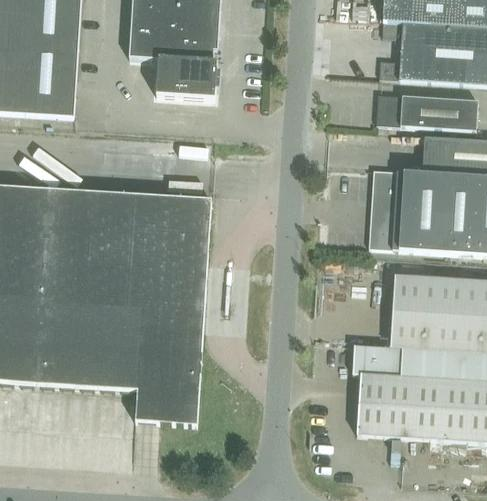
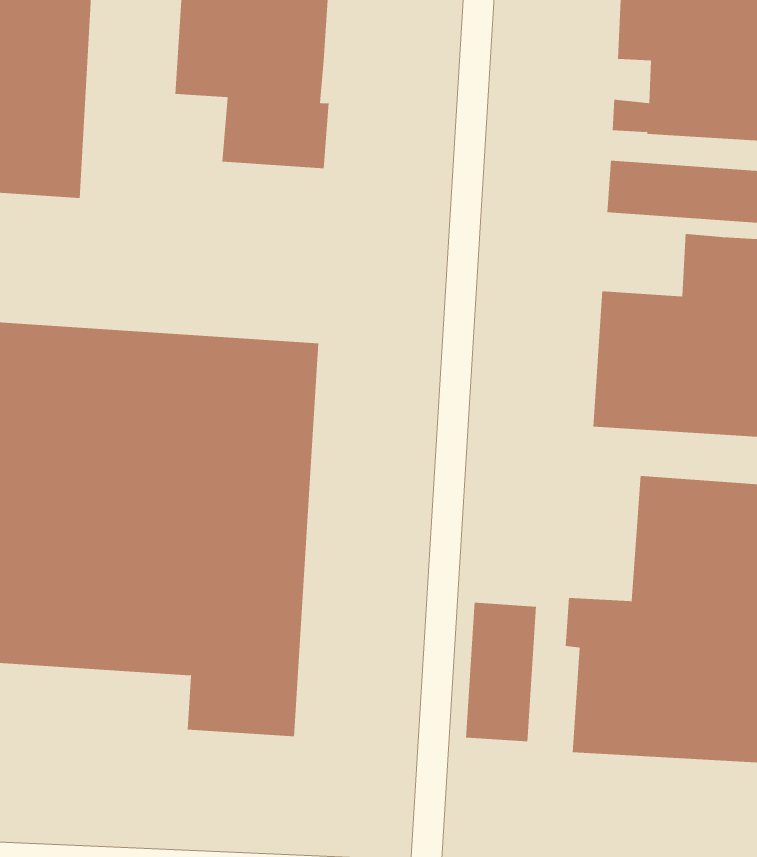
building: none -> [466,602,536,742]

